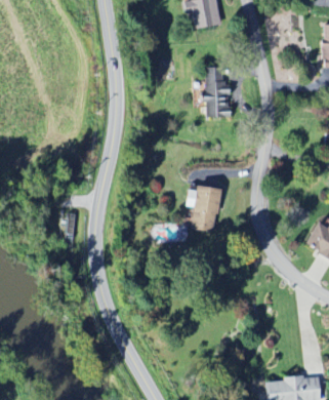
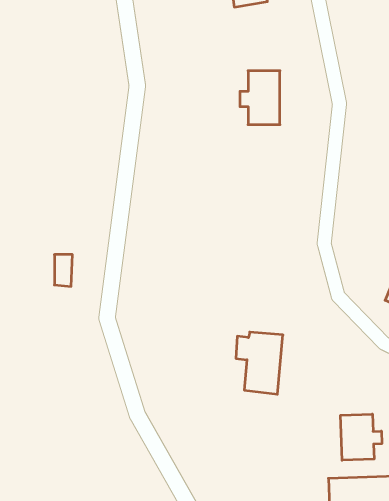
building: [184,186,219,232] -> [236,332,283,394]
building: none -> [341,414,382,460]

